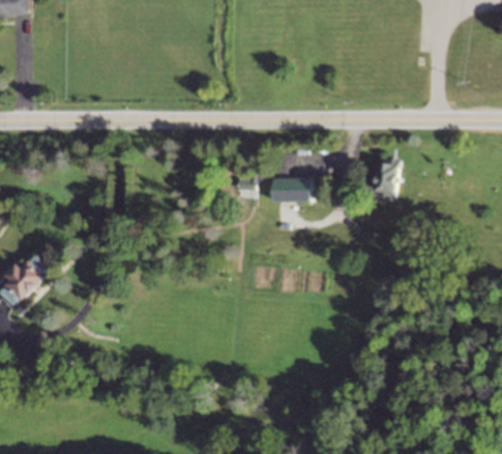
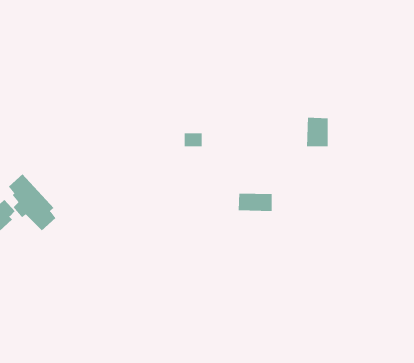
building: [270,177,309,198] -> [238,193,273,212]
building: none -> [8,173,56,231]

